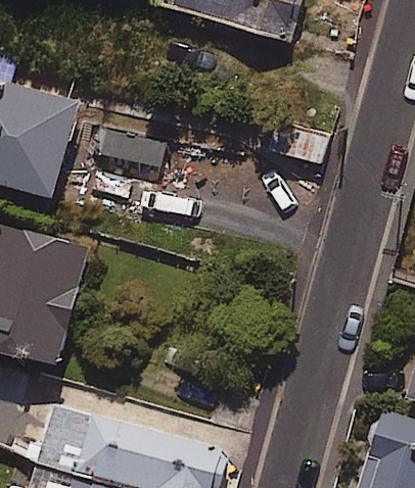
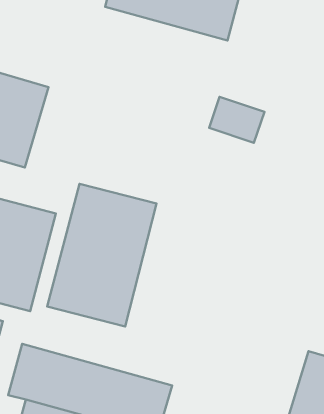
building: none -> [47,184,157,327]

